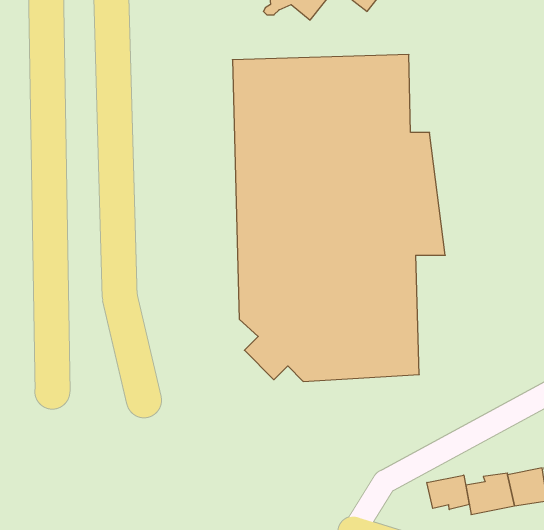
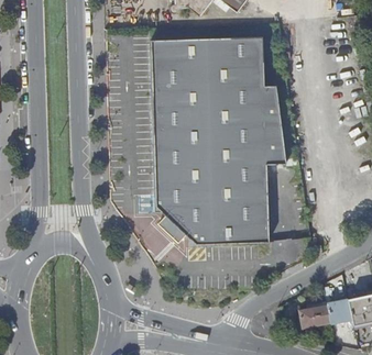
building: [427,475,469,510] -> none

